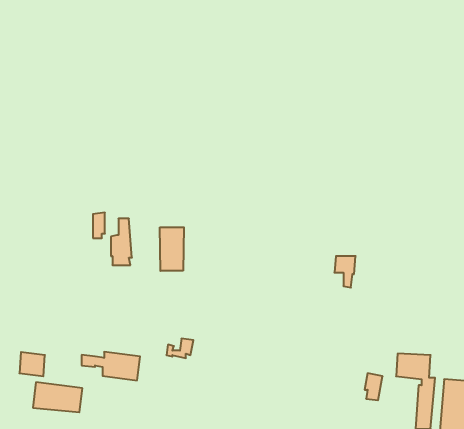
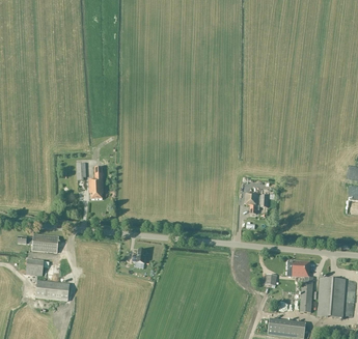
building: [160,227,184,271] -> none
building: [82,352,140,380] -> [18,233,58,253]

